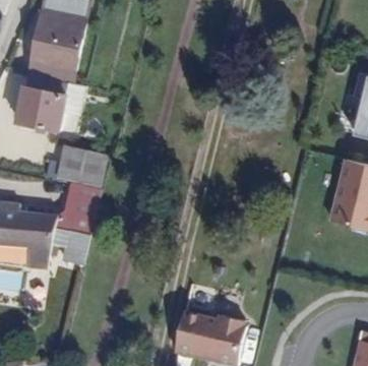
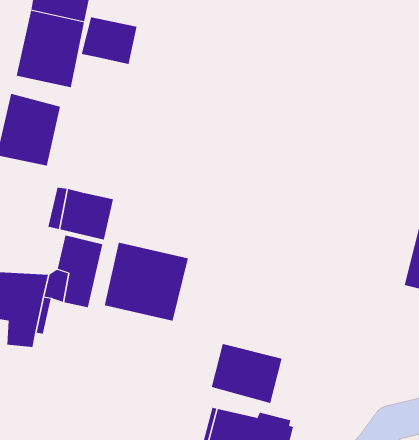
building: none -> [81,16,137,65]
building: none -> [104,242,189,321]
building: none -> [211,343,282,404]

